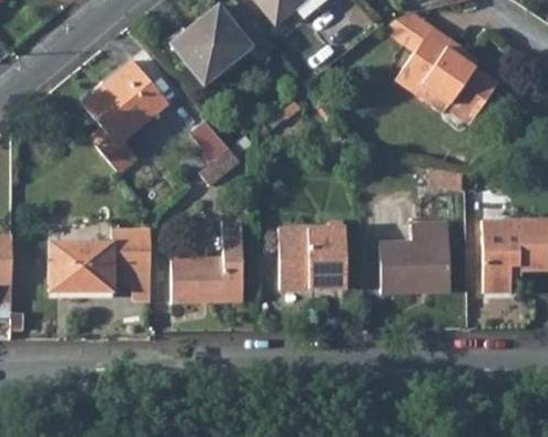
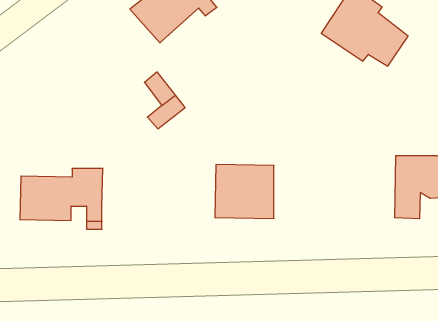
building: [84,62,170,175] -> none
building: [377,215,446,284] -> none
building: [164,222,236,299] -> none

